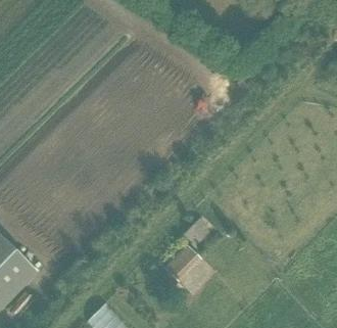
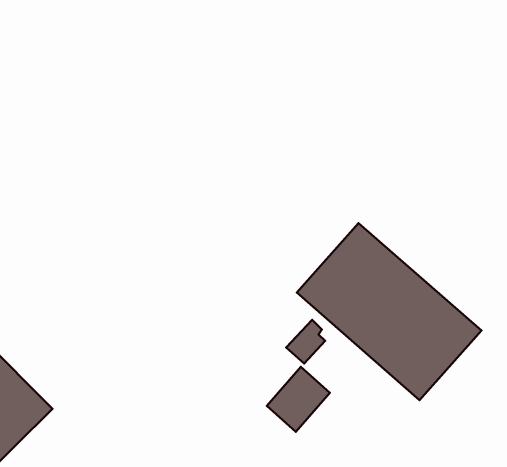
building: none -> [297,223,481,400]

